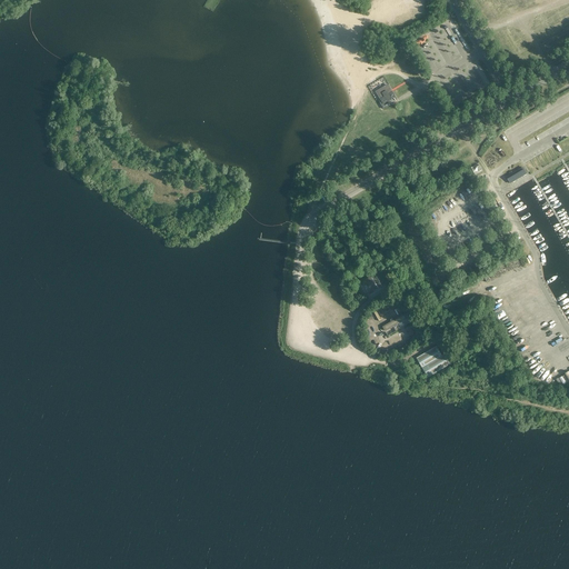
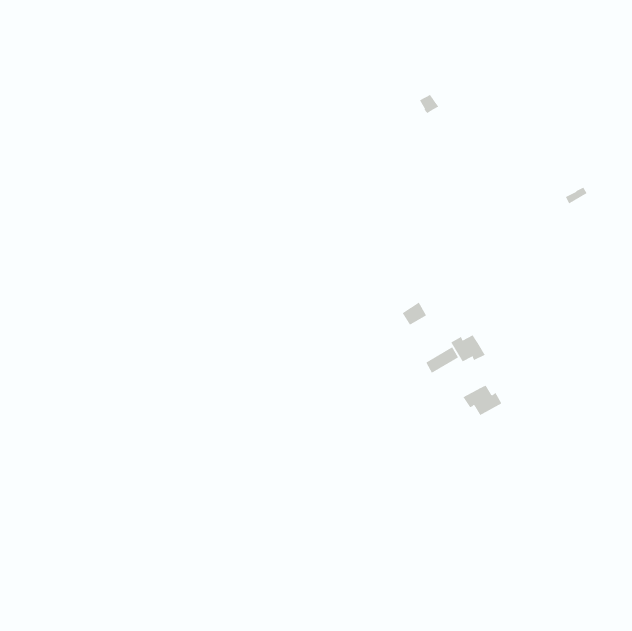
building: none -> [451,335,485,362]

